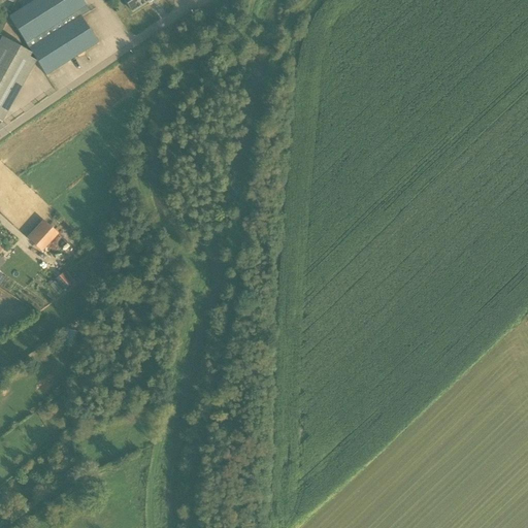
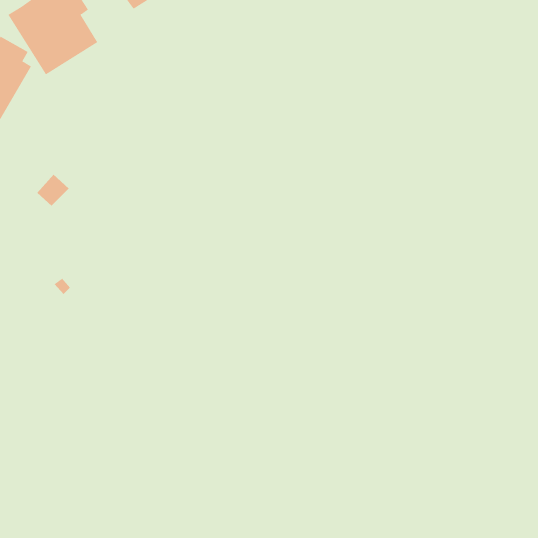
building: [25,218,57,250] -> [37,174,69,206]

